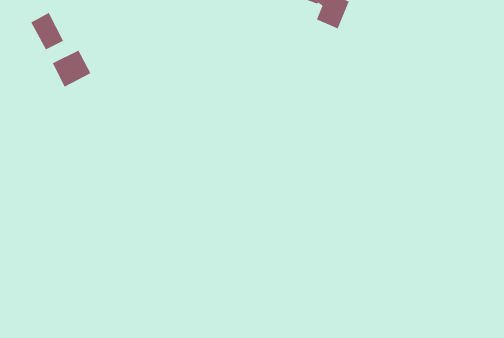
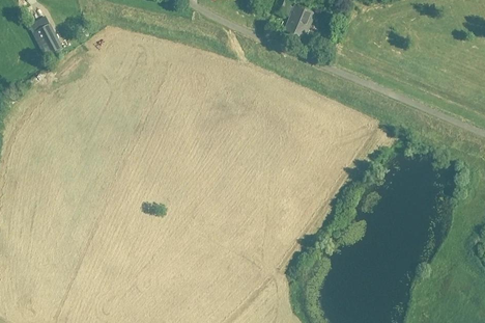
building: [52,50,92,88] -> none

